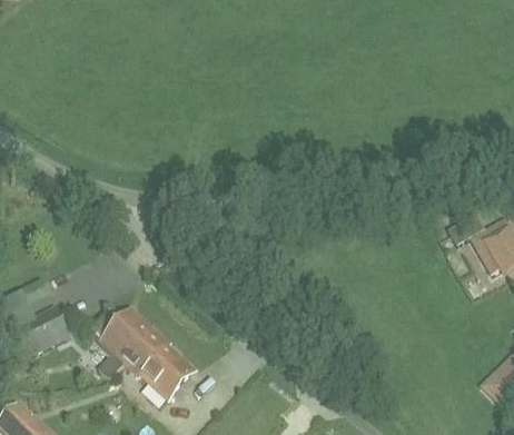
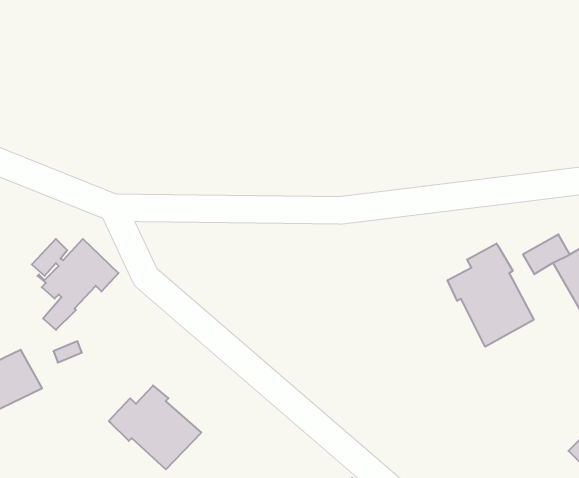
building: none -> [448,243,534,347]
building: [91,308,159,379] -> [32,239,119,330]

